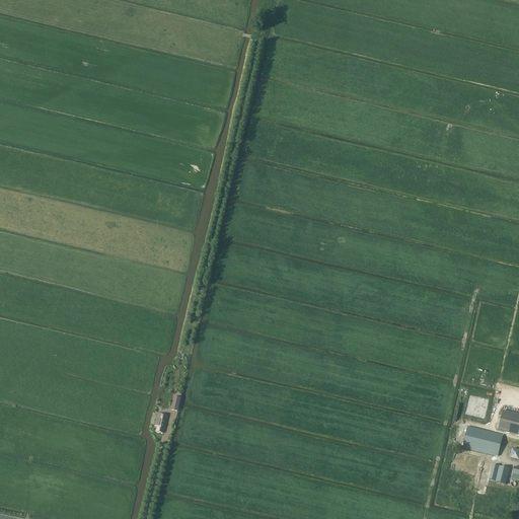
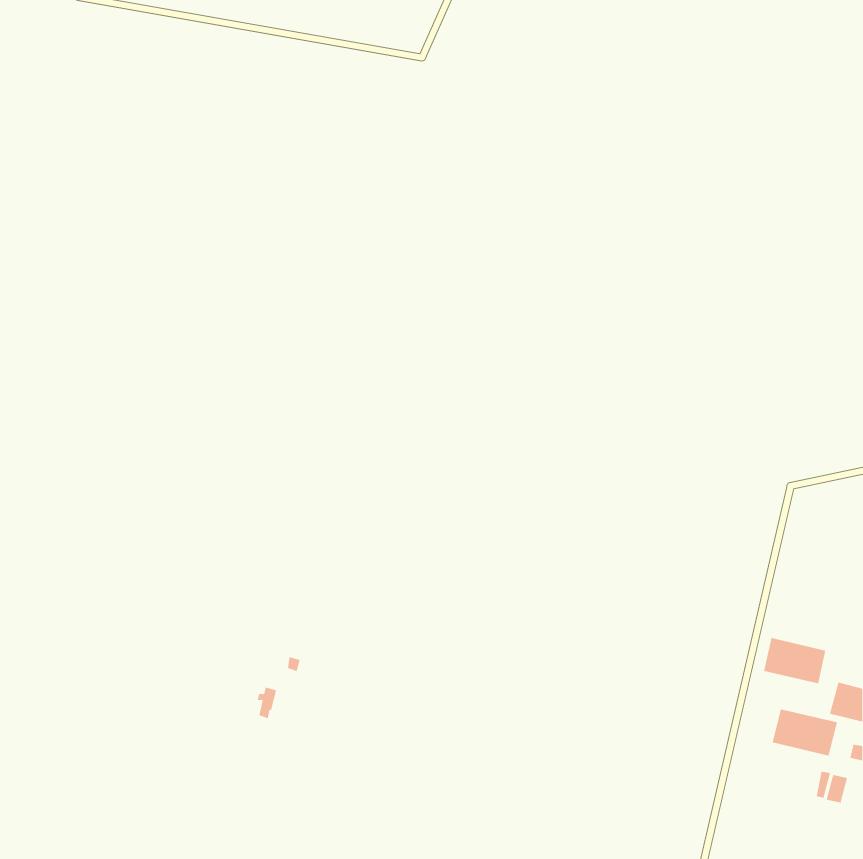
building: none -> [764,637,826,684]

